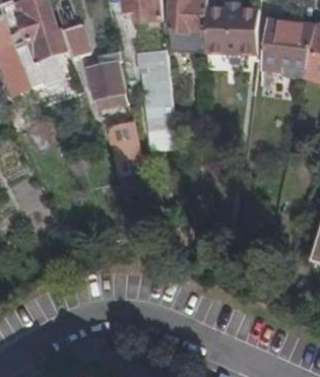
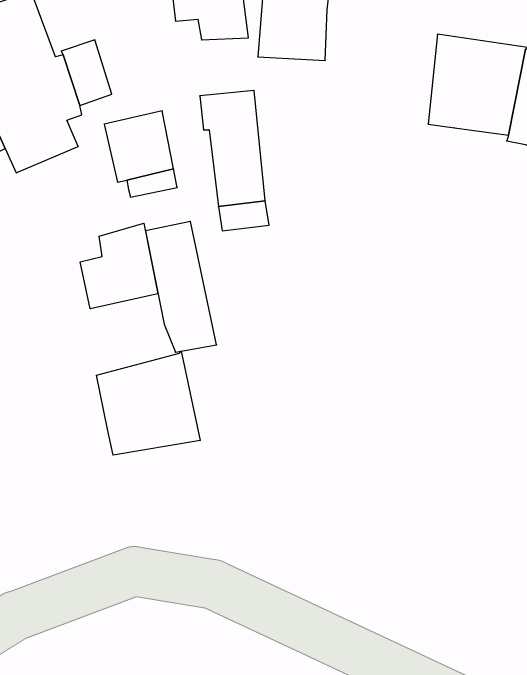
building: [205,6,257,69] -> none
building: none -> [80,223,158,309]
building: none -> [97,351,200,455]

